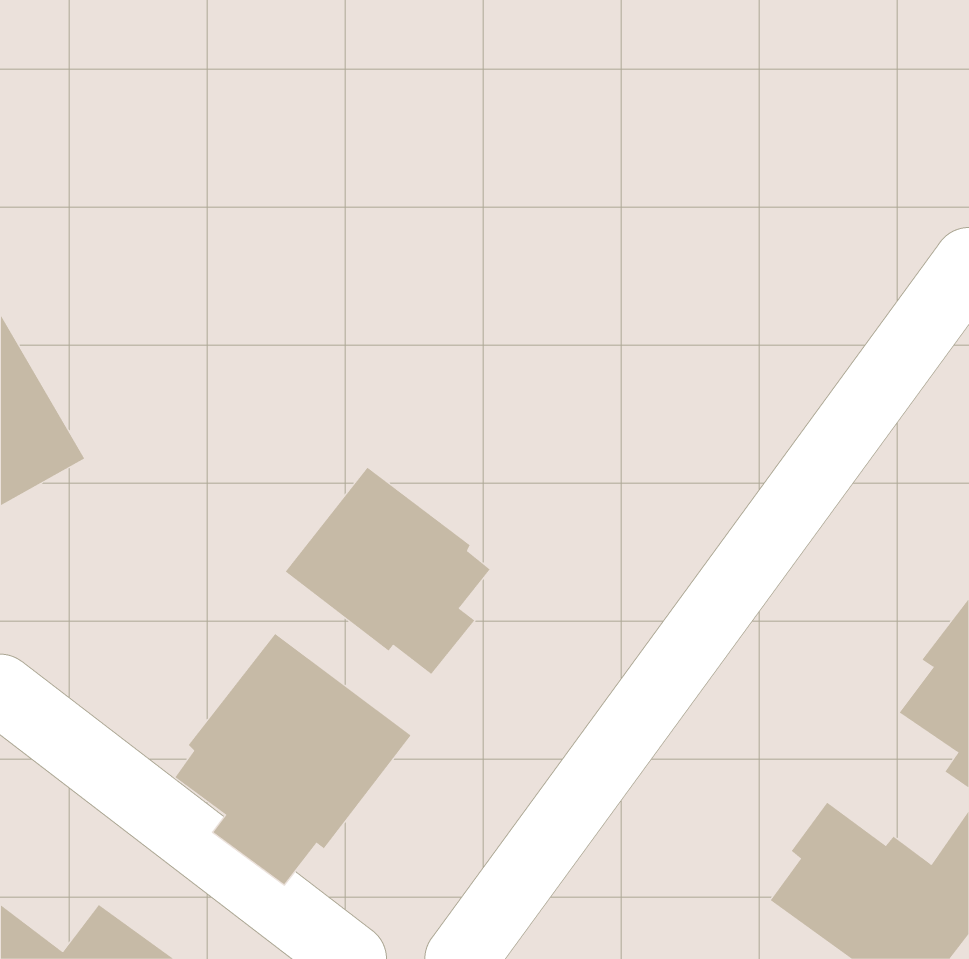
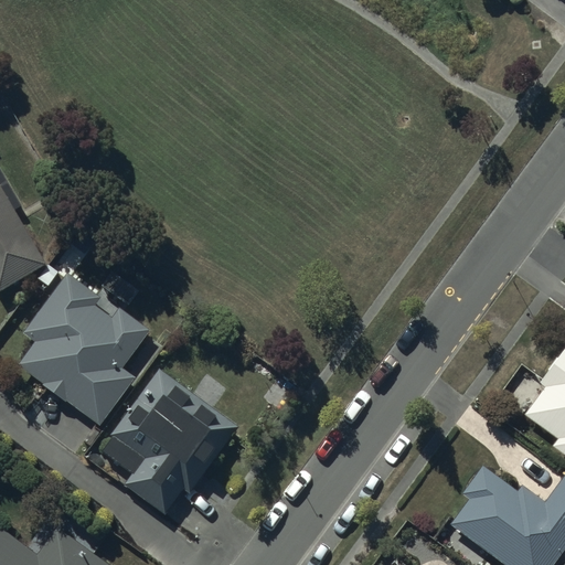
building: [285,467,491,675] -> none
building: none -> [18,275,151,426]

